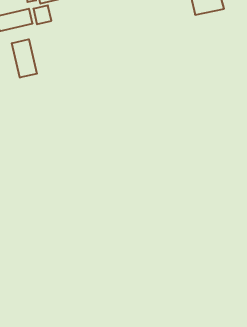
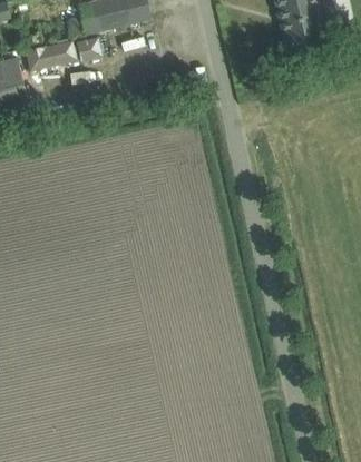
building: [12,39,37,78] -> none

